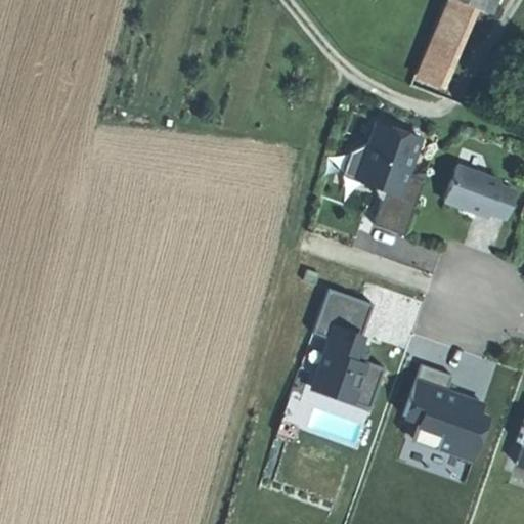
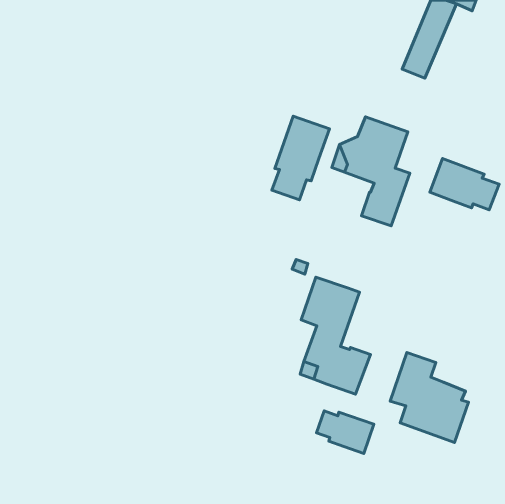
building: none -> [272,116,329,200]
building: none -> [316,411,374,453]

